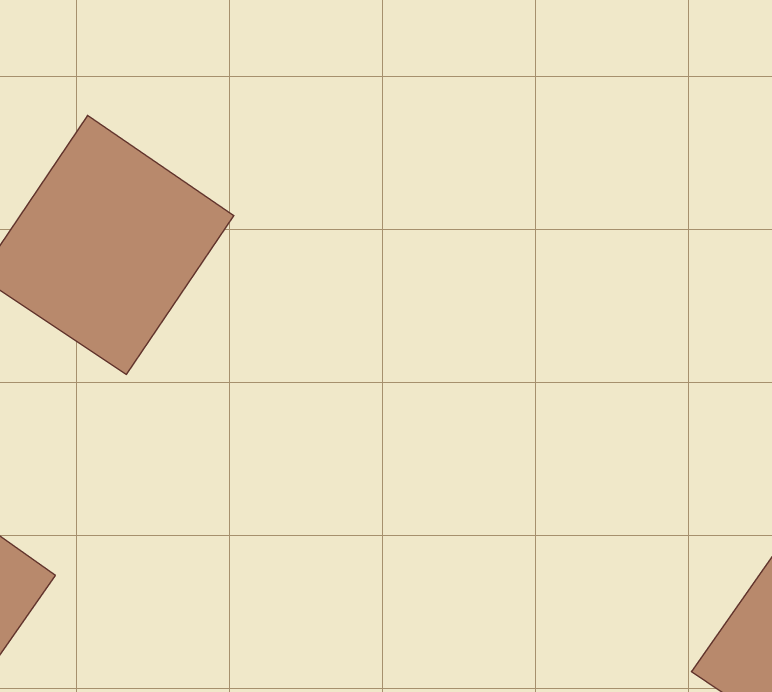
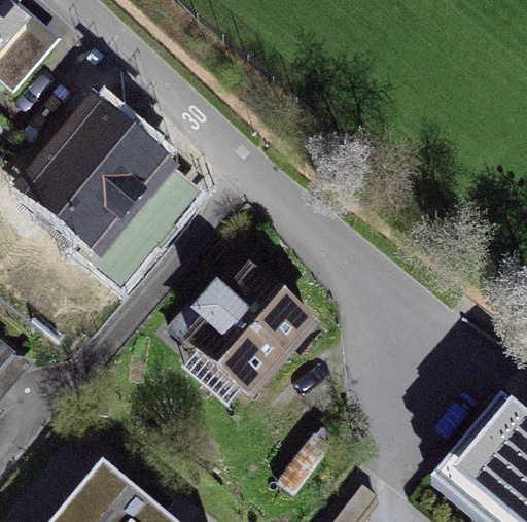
building: none -> [202,267,324,394]

